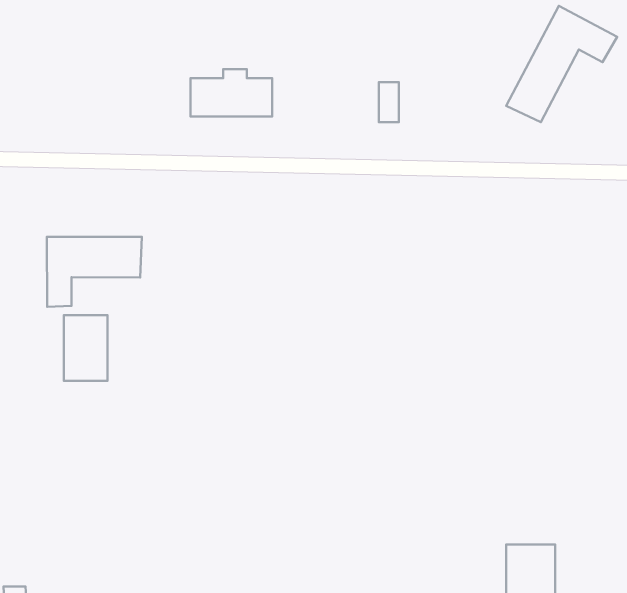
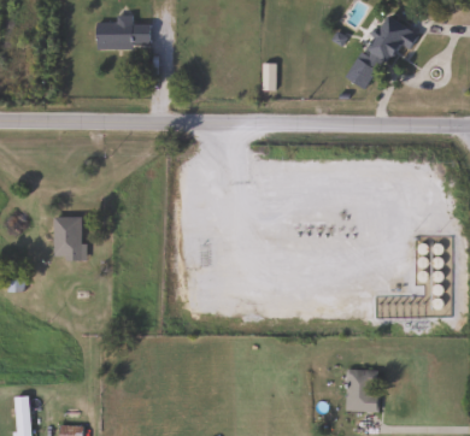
building: [190,69,272,117] -> [96,16,151,47]
building: [47,237,142,307] -> none

